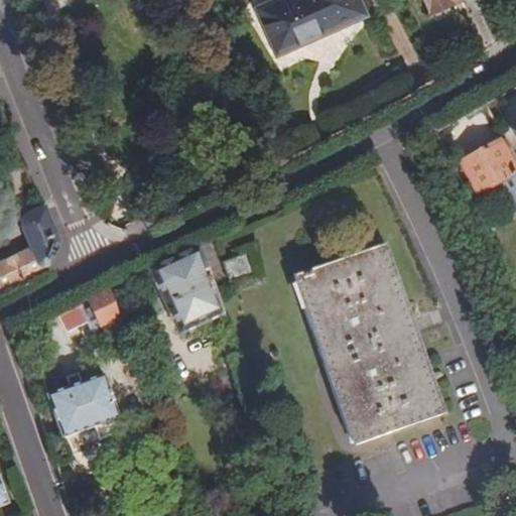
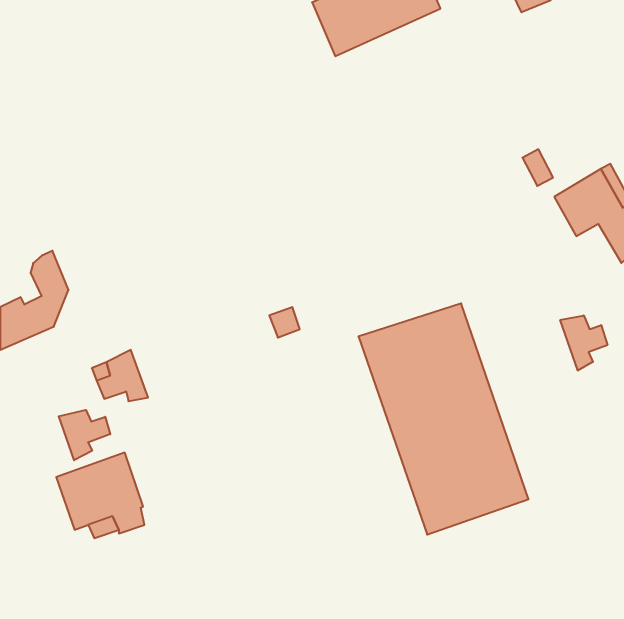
building: [152,244,225,335] -> none
building: none -> [560,315,607,371]
building: none -> [59,410,110,460]

